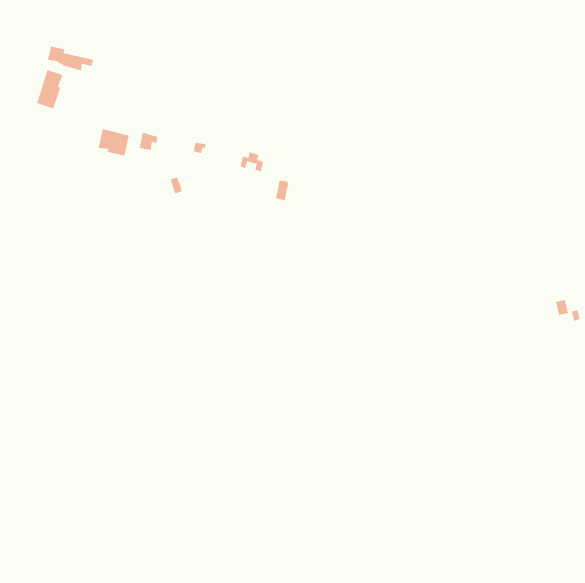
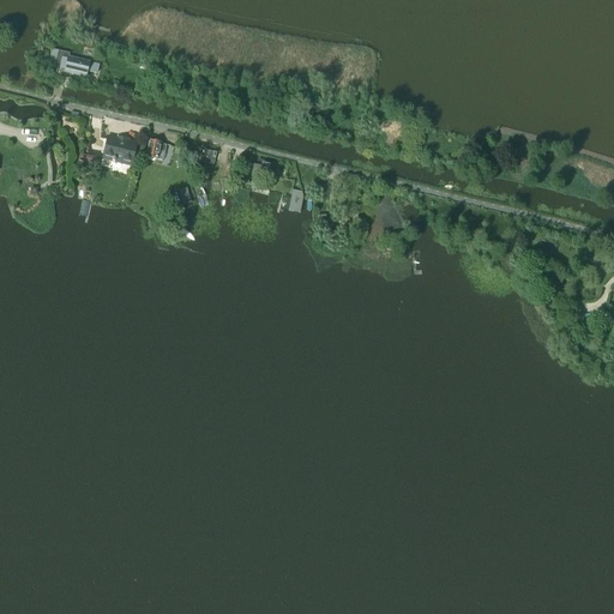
building: [36,69,65,109] -> none

